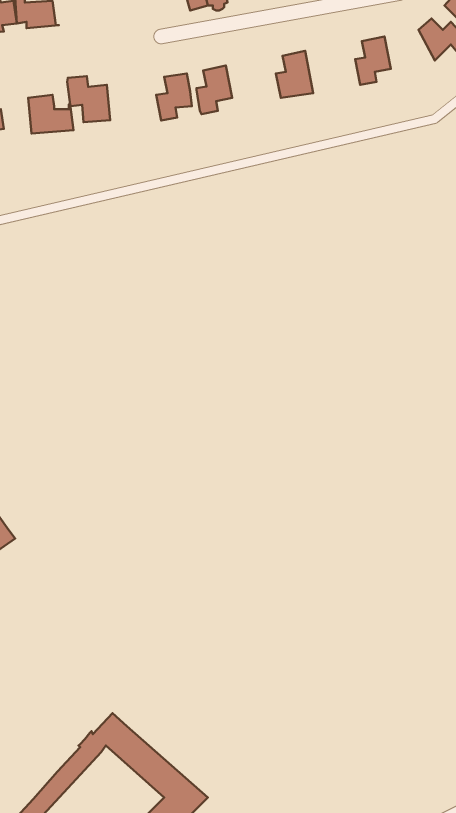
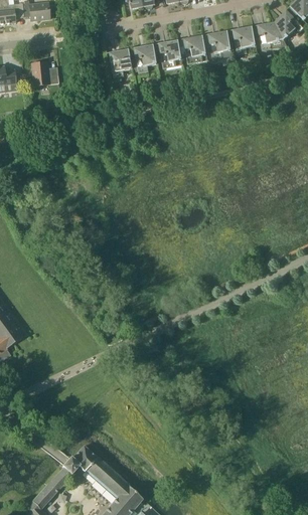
building: none -> [258,20,283,49]
building: none -> [208,29,230,58]
building: none -> [159,38,182,67]
building: [67,76,110,122] -> none

